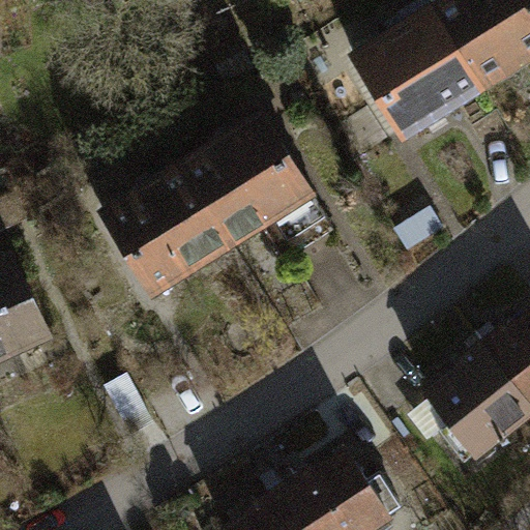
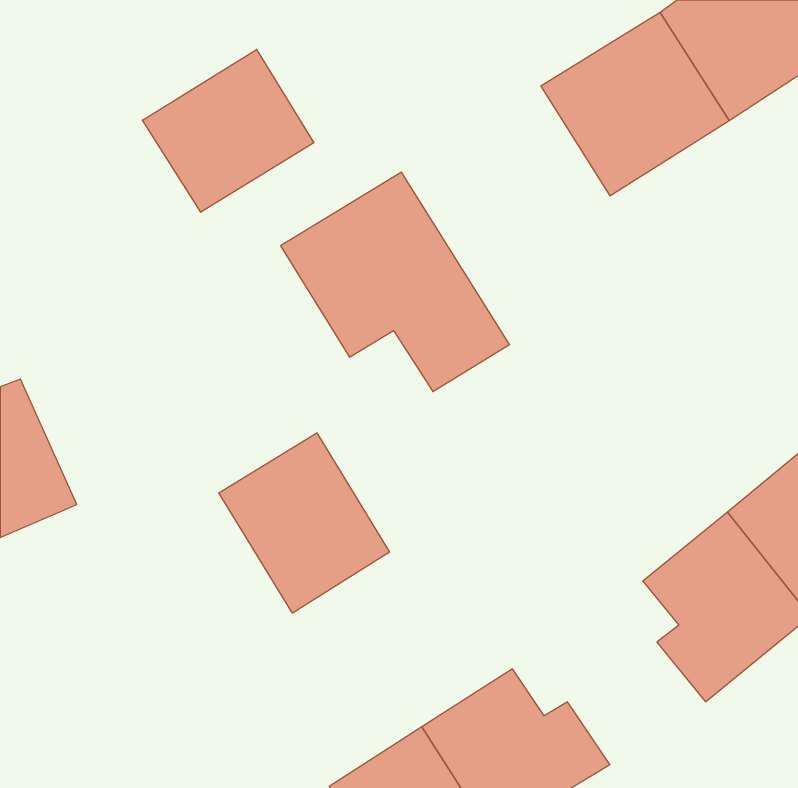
building: none -> [142,49,314,212]
building: [107,171,233,294] -> none
building: none -> [219,433,390,613]

